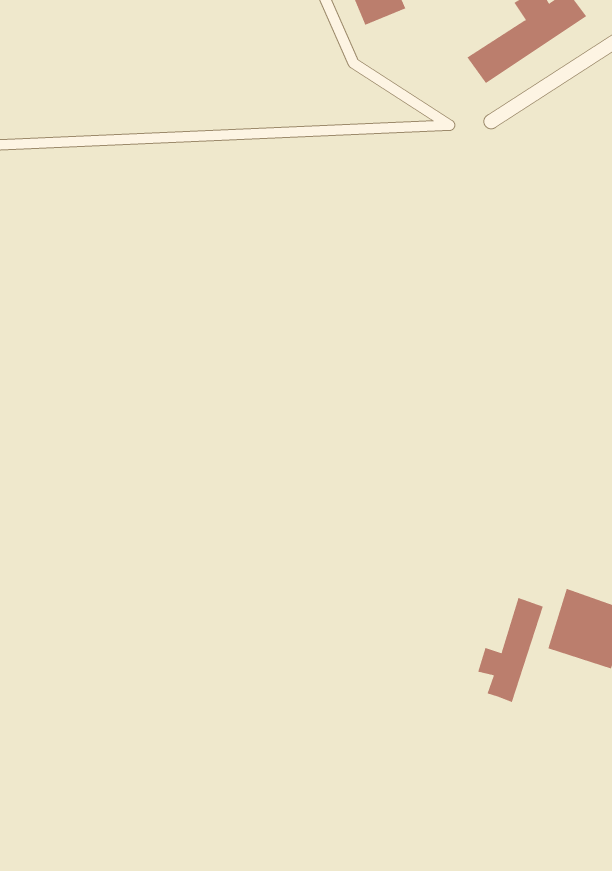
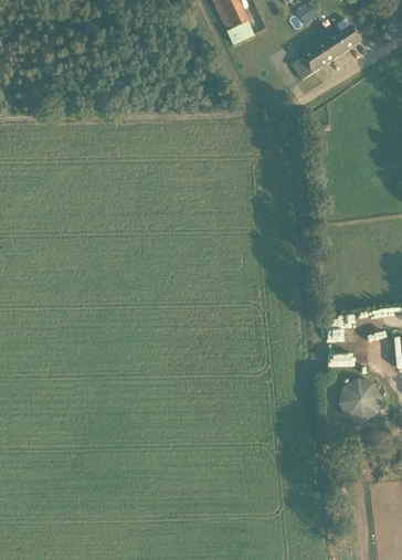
building: [478,597,543,703] -> none

